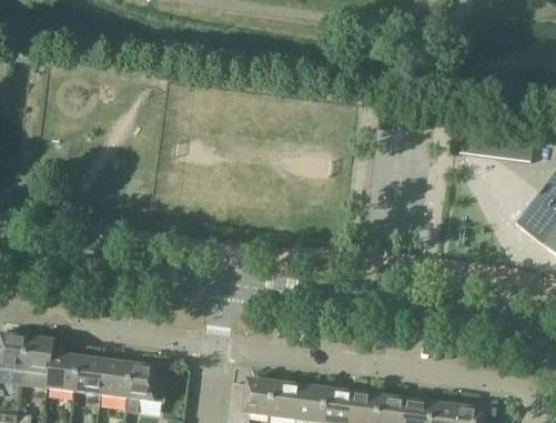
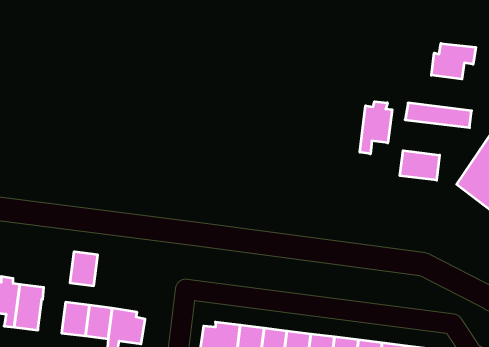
building: none -> [431,43,476,79]
building: none -> [360,102,392,154]
building: none -> [400,151,440,180]
building: [48,353,79,391] -> [70,252,98,286]

